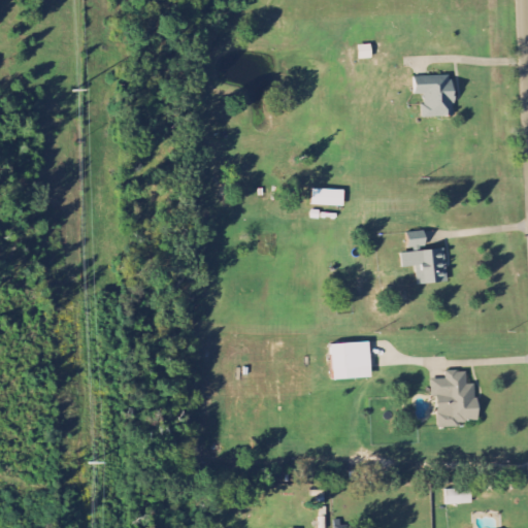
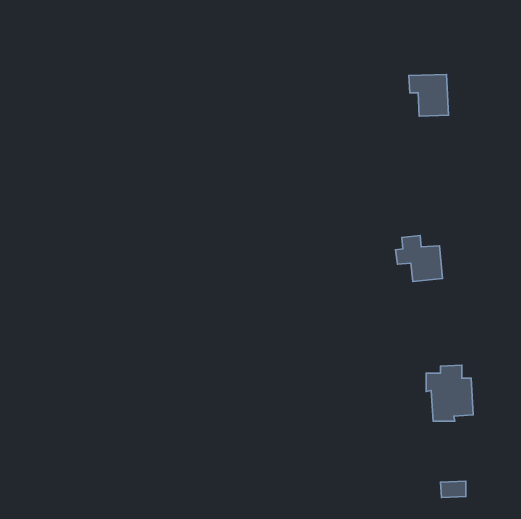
building: [311,189,343,205] -> none
building: [330,340,370,378] -> none

